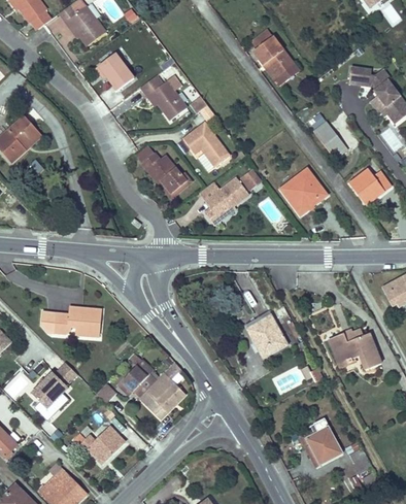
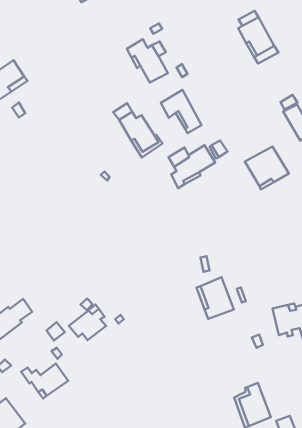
building: [98,54,133,89] -> none
building: [42,307,102,337] -> none
building: [140,373,185,418] -> none

